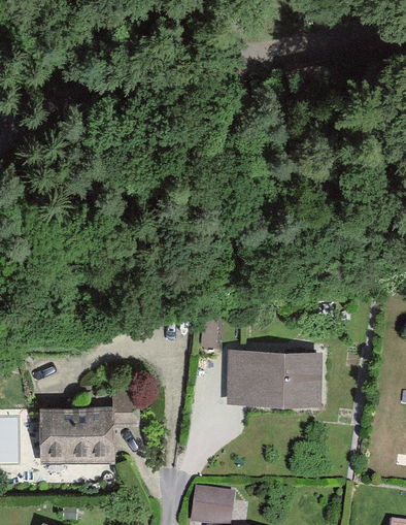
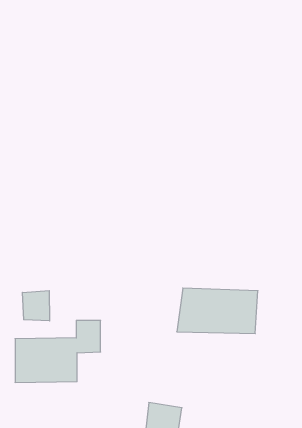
building: none -> [22,291,50,321]

